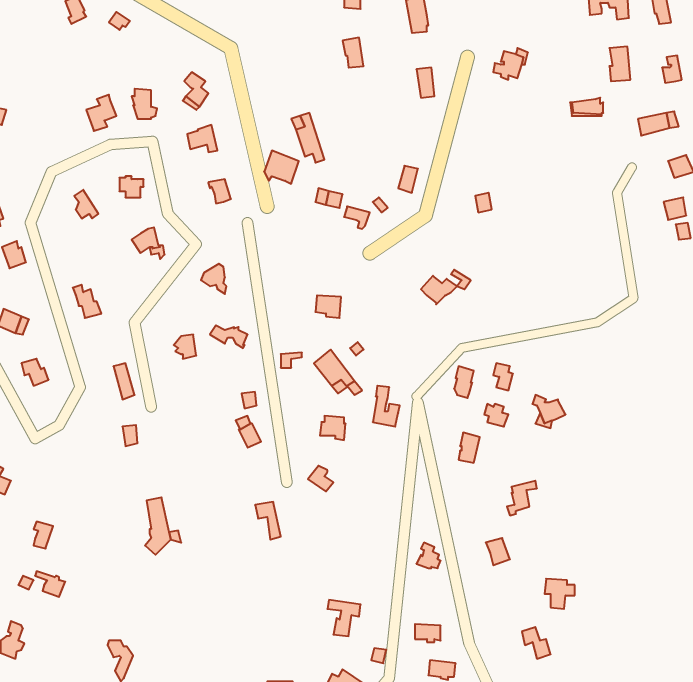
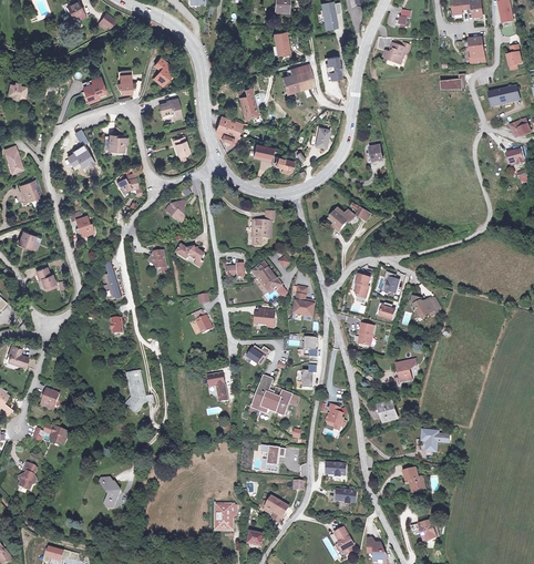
building: none -> [281,64,309,91]
building: none -> [301,338,317,389]
building: none -> [253,378,298,416]

